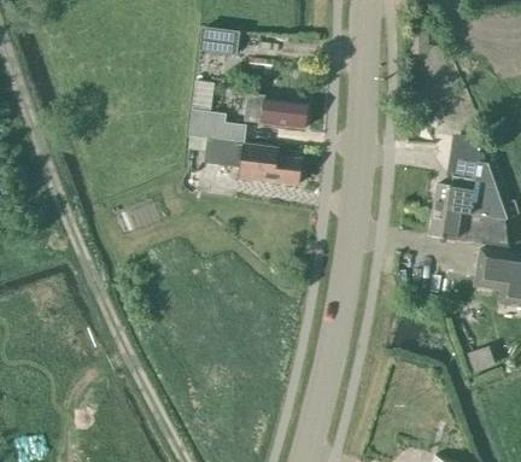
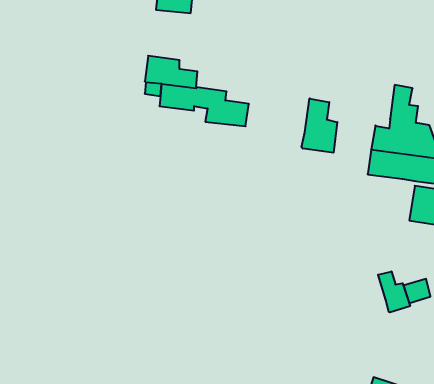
building: [245,93,309,128] -> none
building: none -> [302,98,337,153]
building: none -> [378,271,410,312]

